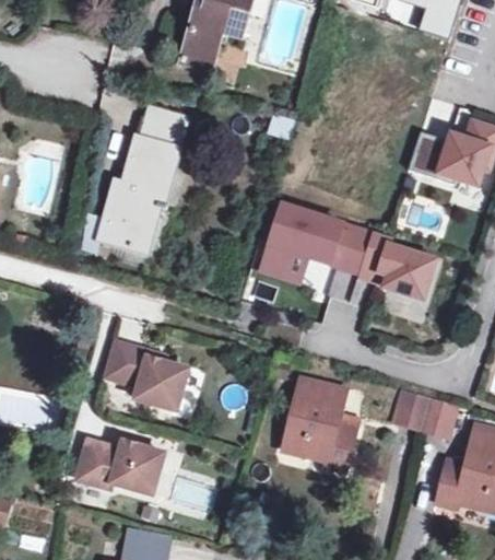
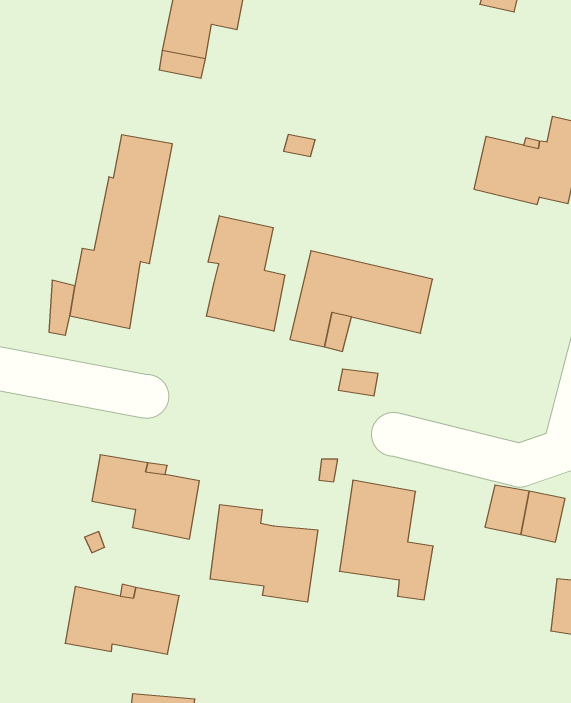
building: none -> [206,216,285,331]
building: [358,233,436,300] -> none
building: none -> [210,505,318,602]

